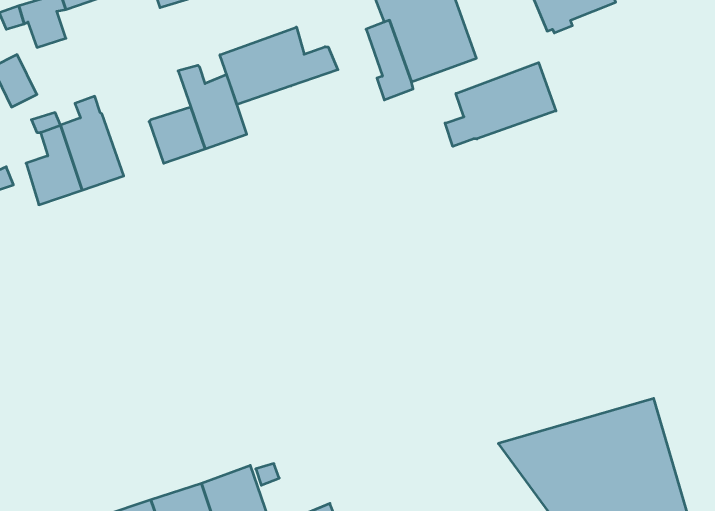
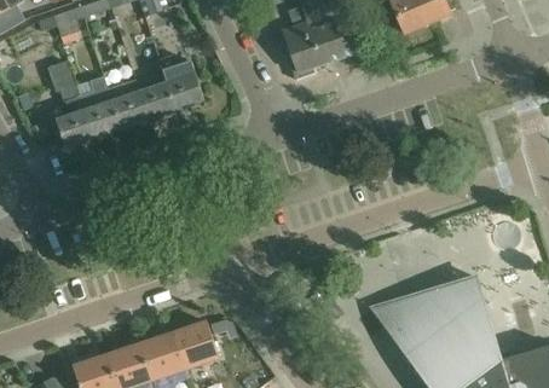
building: [220,27,338,105] -> none
building: [445,63,556,146] -> none
building: none -> [106,77,148,128]

